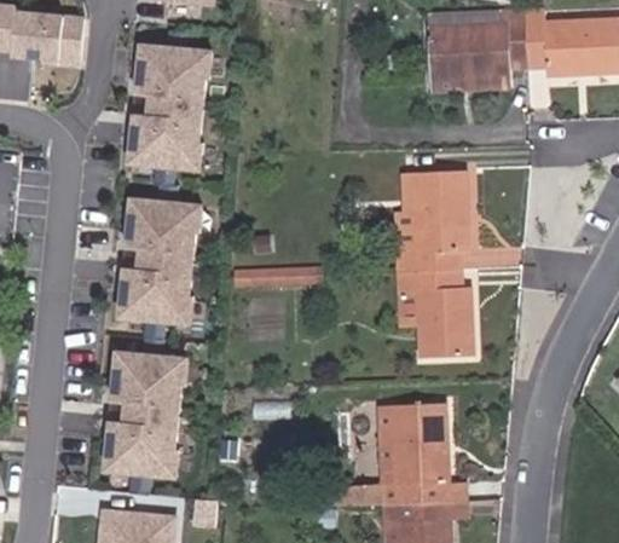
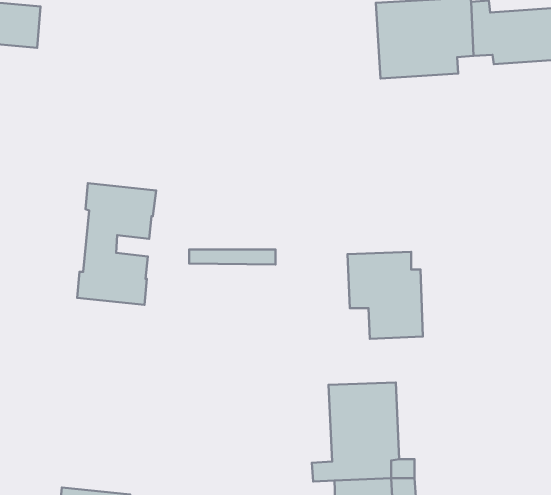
building: [129,46,209,169] -> none
building: [394,169,470,271] -> none
building: [105,352,185,475] -> none

